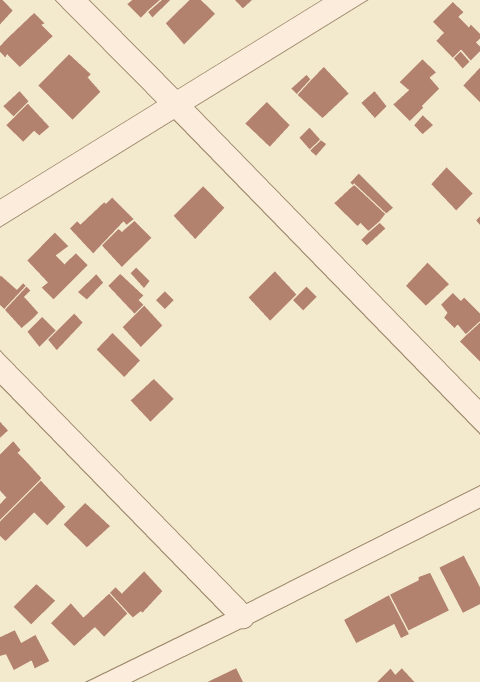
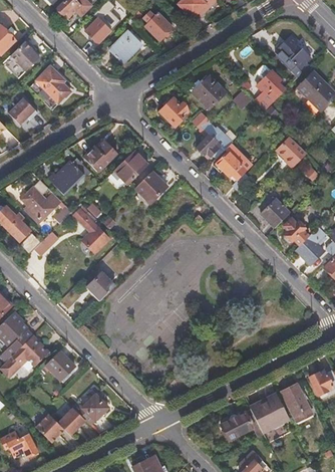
building: none -> [198,134,226,159]
building: [101,220,152,268] -> [84,141,116,171]
building: [248,271,297,321] -> [135,171,166,203]
building: [96,332,141,378] -> none
building: [13,583,56,625] -> none

